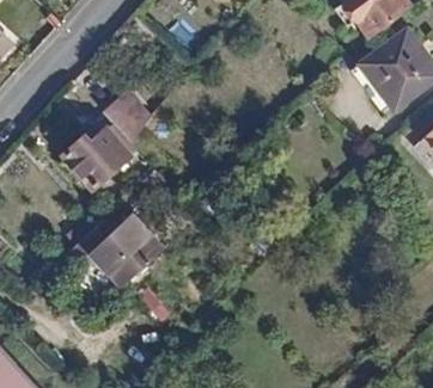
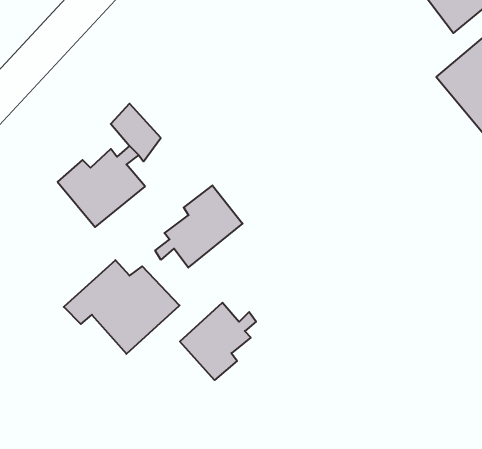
building: none -> [155,185,243,268]
building: none -> [180,303,256,380]

